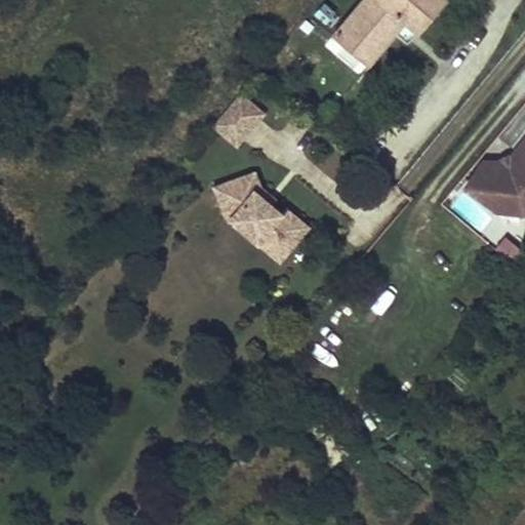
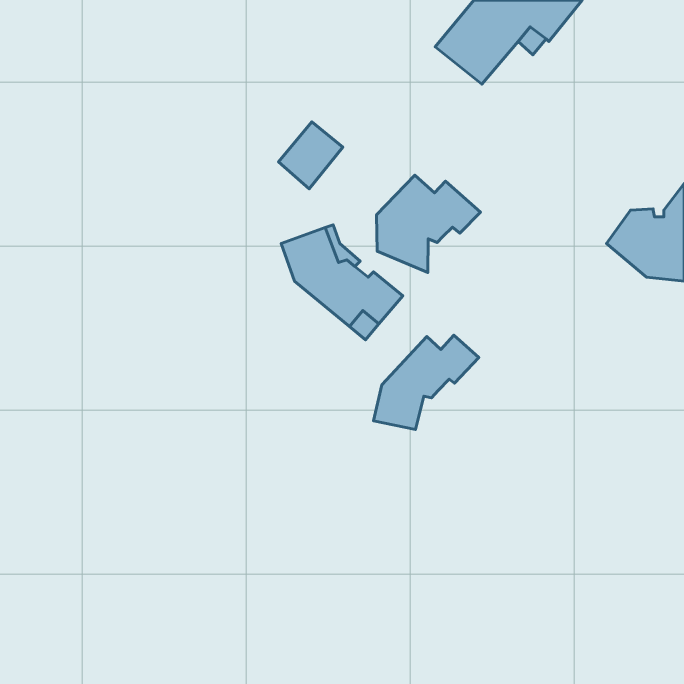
building: none -> [377,175,480,272]
building: none -> [374,335,479,430]

